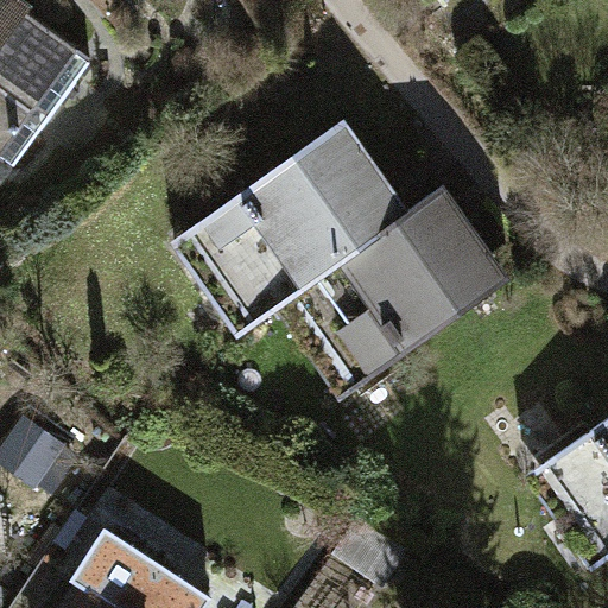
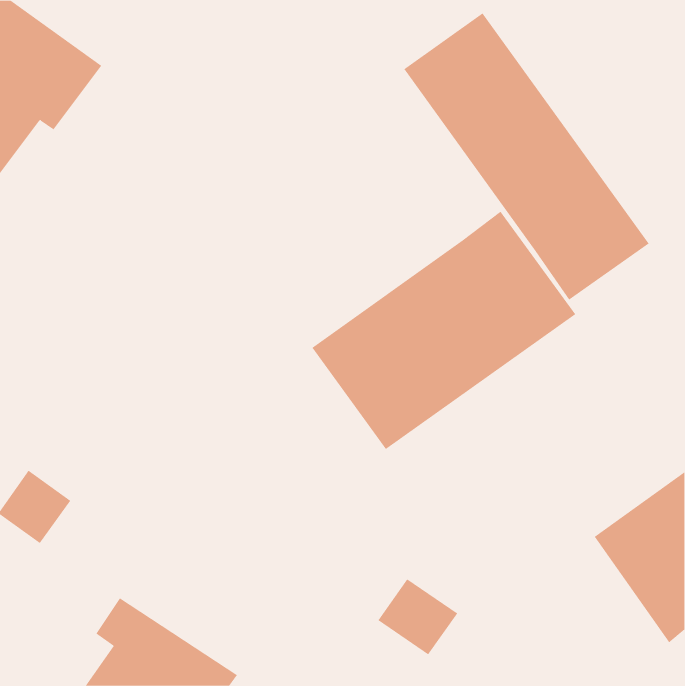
building: none -> [404,12,649,300]
building: [173,121,408,334] -> none

